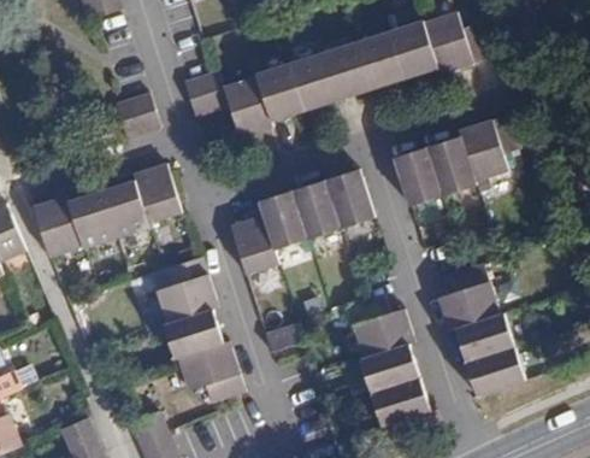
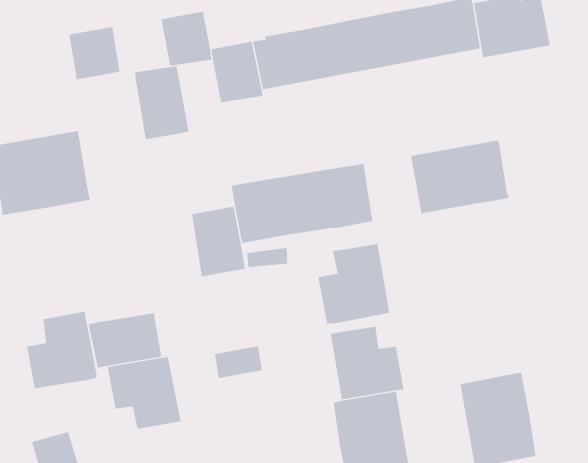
building: [459,117,519,177] -> none
building: [131,160,181,222] -> [134,65,190,140]
building: [157,256,216,322] -> [26,311,98,389]
building: [437,264,497,333] -> [318,243,390,325]

